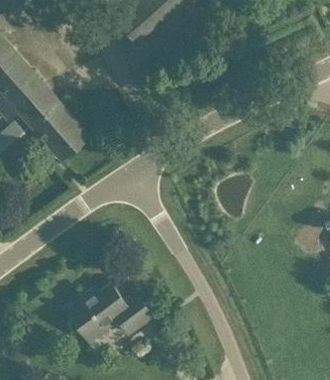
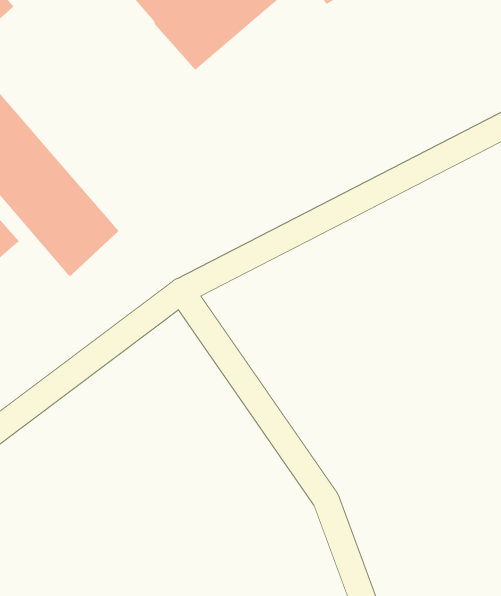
building: [66,283,152,341] -> none

